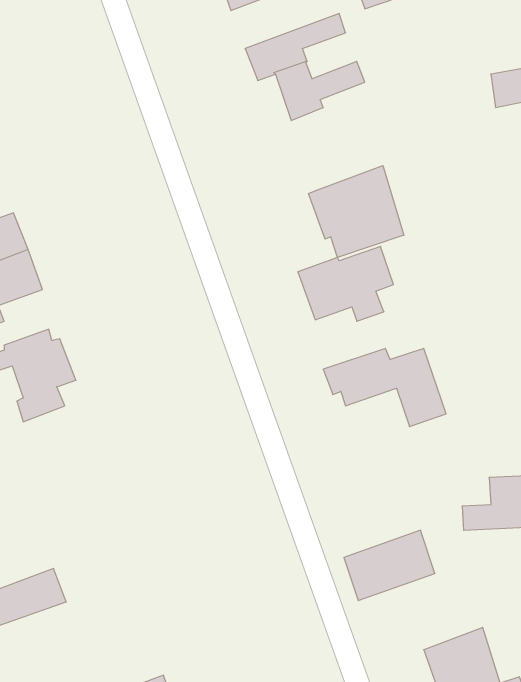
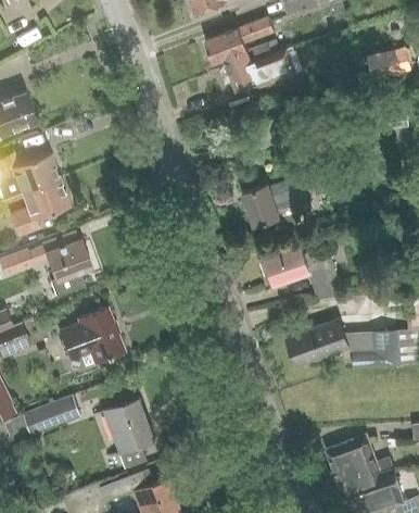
building: [309,166,404,258] -> none
building: none -> [60,306,122,361]
building: [344,530,435,600] -> [285,318,347,366]
building: none -> [104,393,158,466]

